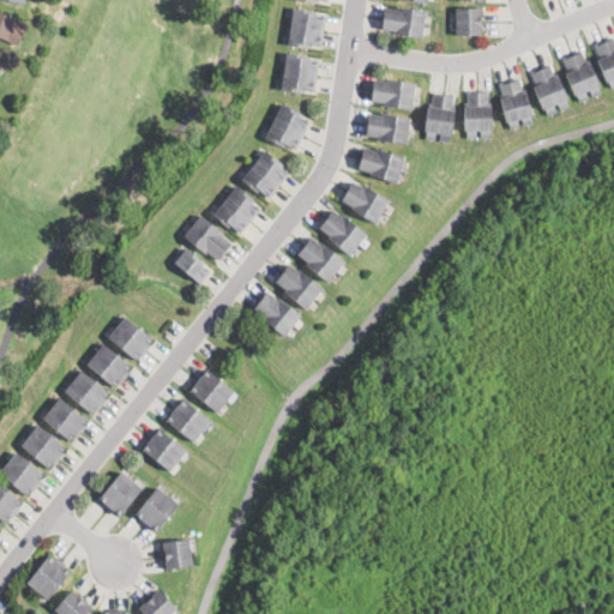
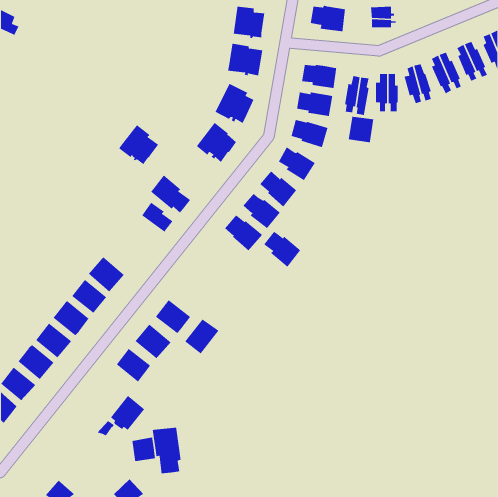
building: none -> [348,115,374,143]
building: [213,186,264,236] -> [118,124,159,165]
building: [254,293,301,338] -> [263,231,301,268]
building: none -> [184,318,219,355]
building: [100,472,142,516] -> none
building: none -> [152,427,181,474]
building: [26,556,70,600] -> none

